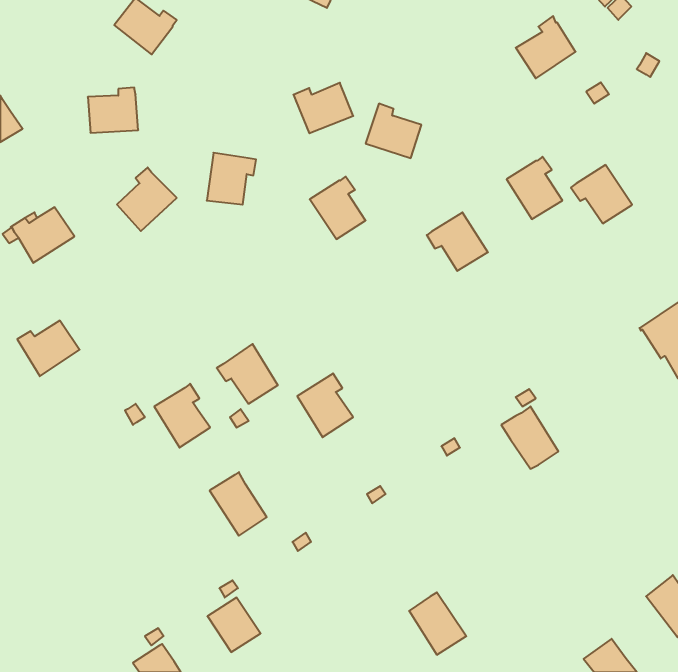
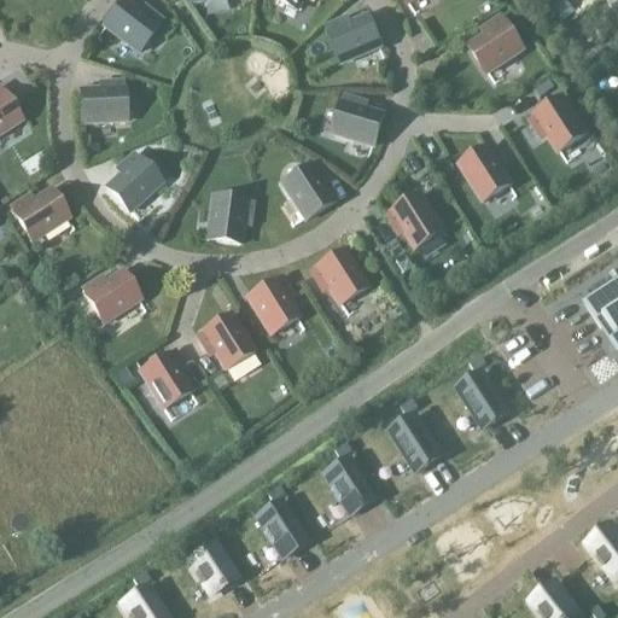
building: [293,83,353,133] -> [327,14,381,60]
building: [207,153,256,205] -> [208,194,252,241]
building: [571,165,632,223] -> [531,97,587,150]
building: none -> [311,249,367,303]
building: [17,321,80,376] -> [83,270,140,321]
building: [297,373,353,437] -> [249,275,299,333]
building: none -> [390,413,442,470]
building: [210,472,267,536] -> [256,499,308,556]
building: [409,592,466,655] -> [323,456,375,513]

